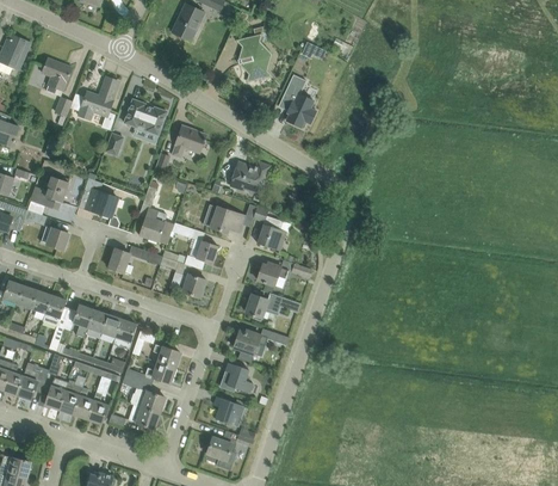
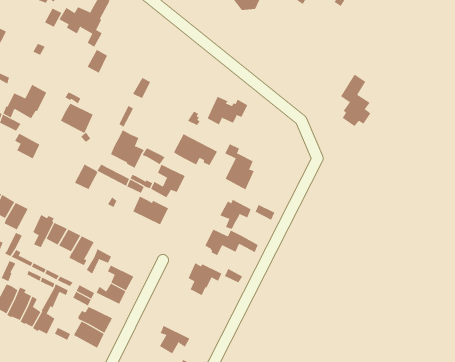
building: [281,74,315,127] -> [340,74,371,127]
building: [123,98,167,135] -> none
building: [172,125,205,158] -> none
building: [219,362,253,392] -> none

